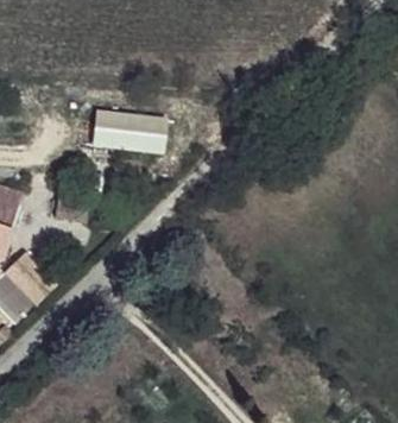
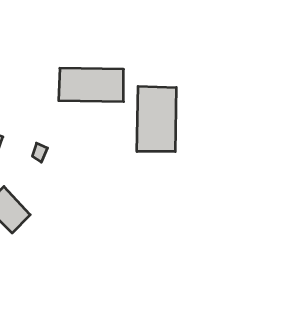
building: none -> [137,86,176,152]

